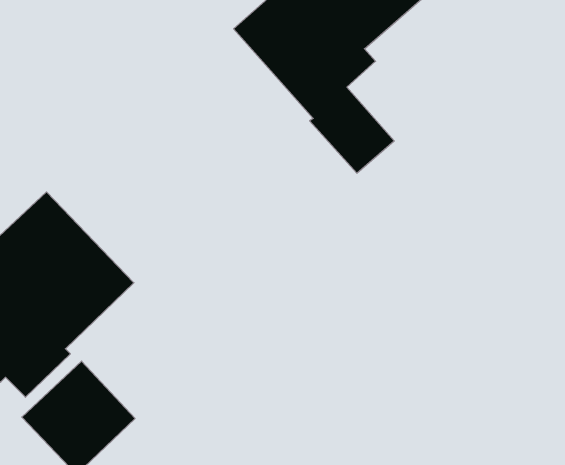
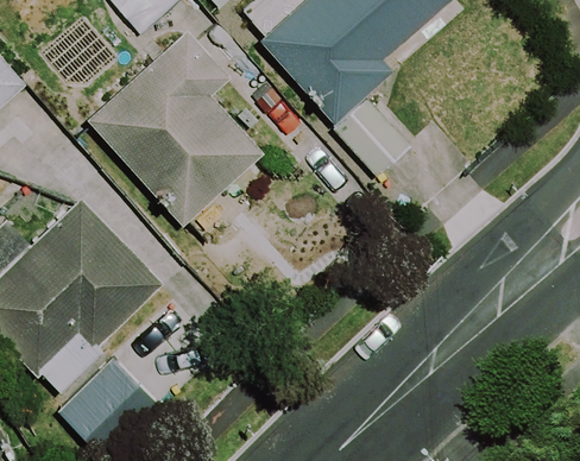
building: none -> [84,26,265,226]

